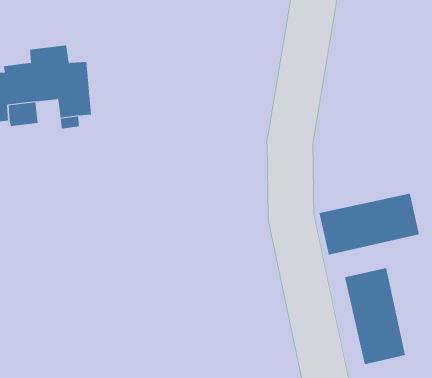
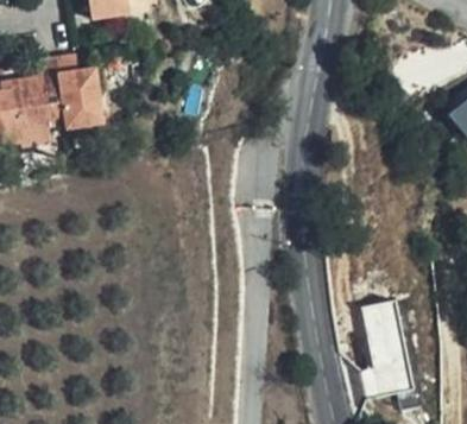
building: [319,193,419,256] -> none

